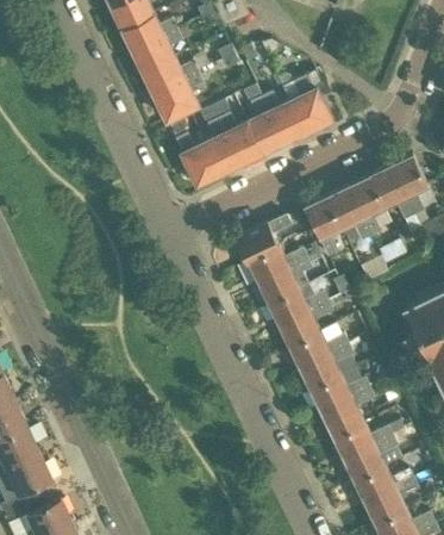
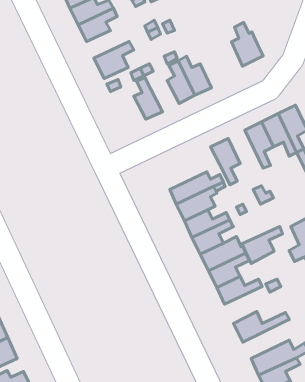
building: [143,58,207,95] -> none
building: [289,77,330,133] -> [232,23,263,66]
building: [218,114,262,164] -> none
building: [175,135,219,186] -> none
building: [325,188,370,242] -> none
building: [233,217,298,267] -> none
building: [320,390,373,437] -> [242,226,283,263]
building: [344,437,401,483] -> none

